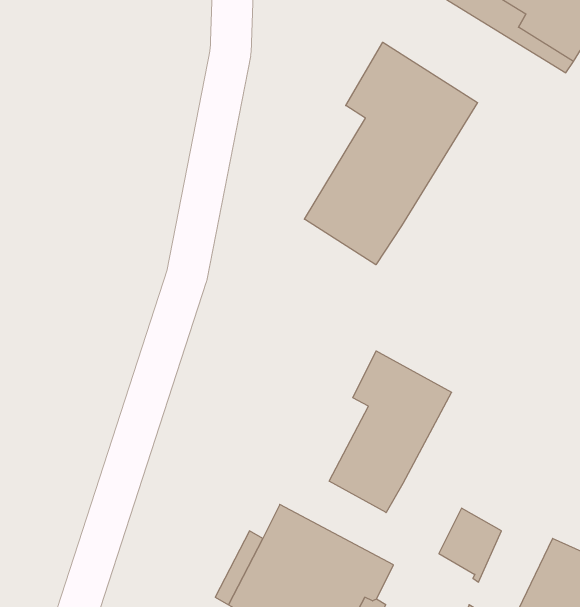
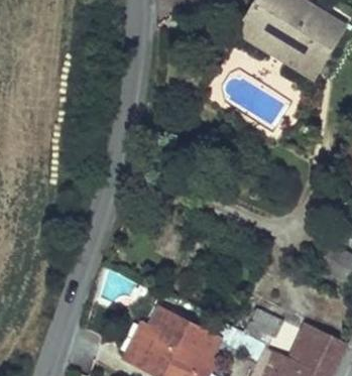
building: [304,42,478,265] -> none
building: [329,351,452,513] -> none

